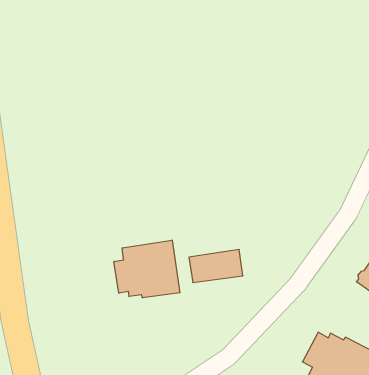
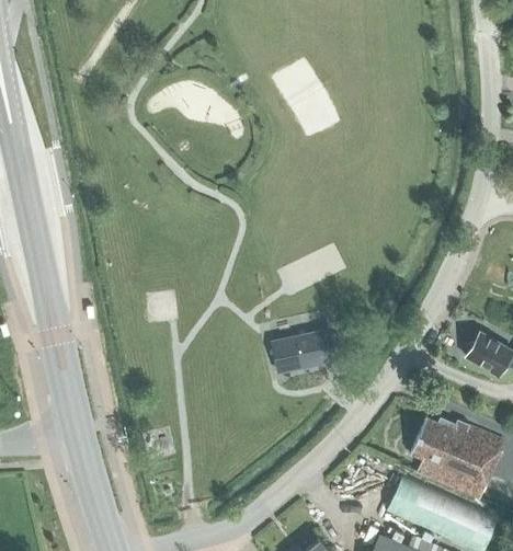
building: [114,240,180,298] -> none

